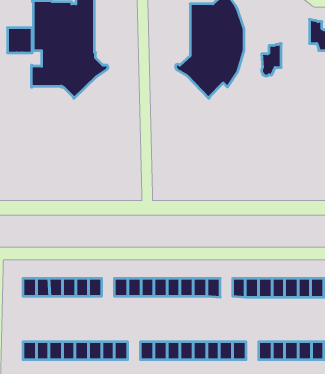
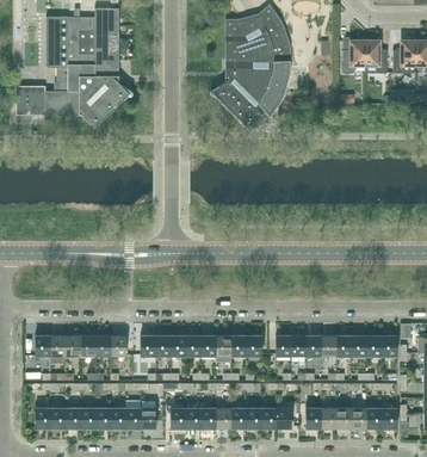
building: [7,28,32,53] -> [17,86,45,115]
building: [262,44,281,76] -> [342,38,365,75]

